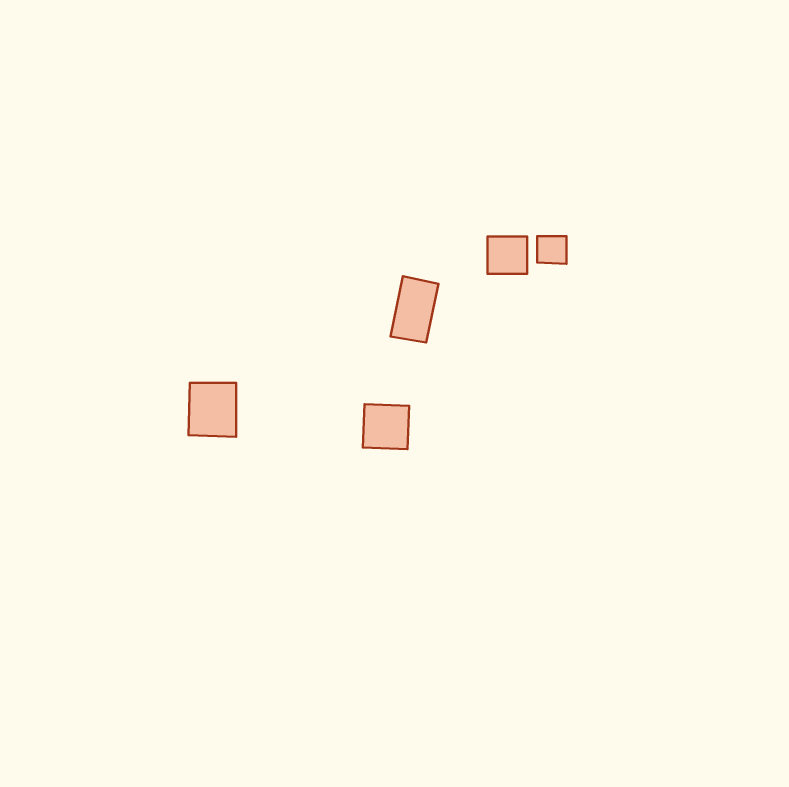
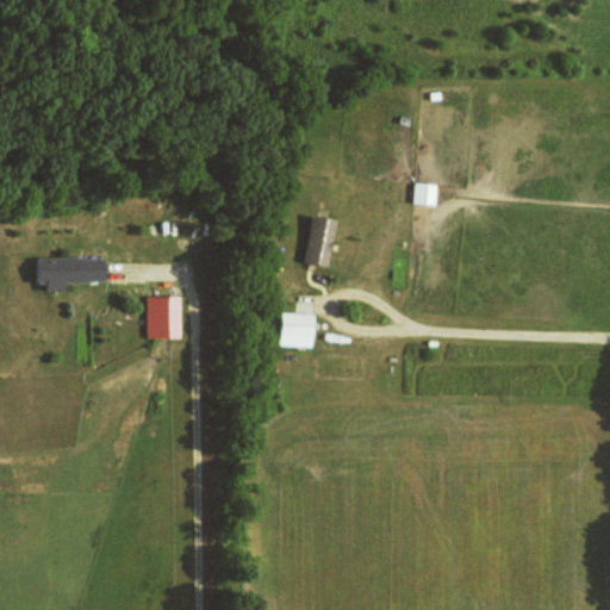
building: [487,237,527,274] -> none
building: none -> [35,257,108,291]

